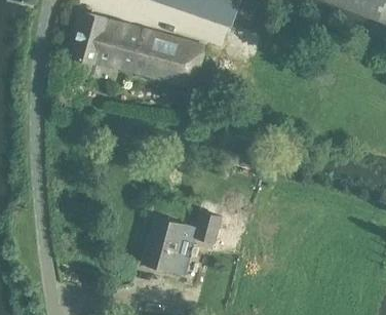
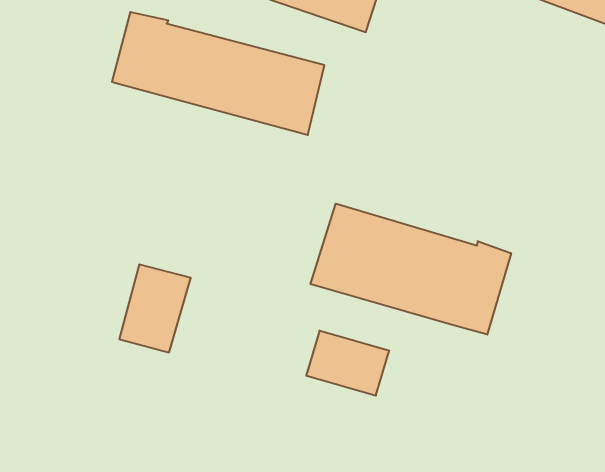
building: none -> [311,204,511,335]
building: [143,216,187,271] -> [119,264,191,352]

